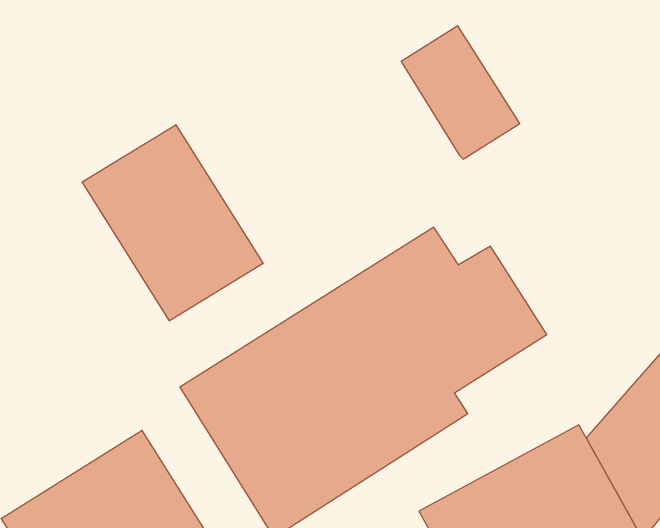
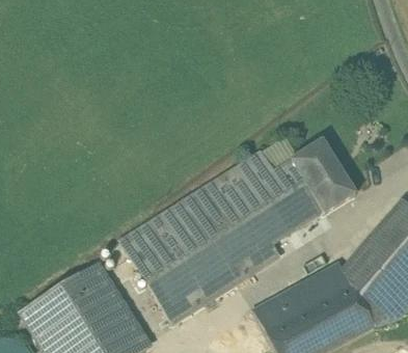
building: [401,26,520,159] -> [291,139,356,213]
building: [82,125,263,321] -> none

